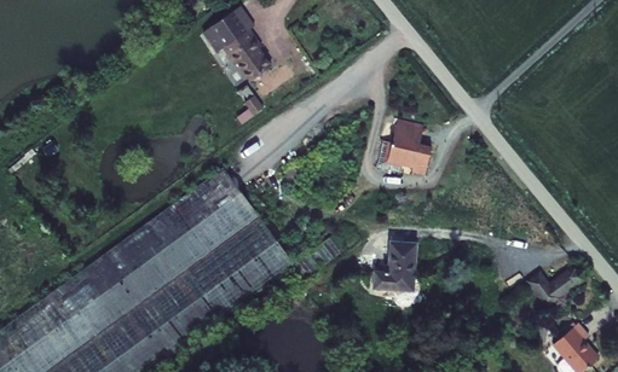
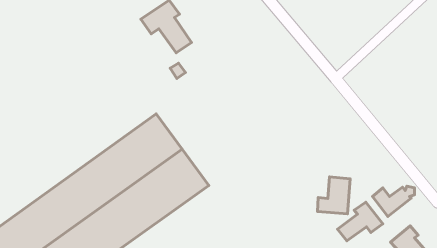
building: [382,121,431,178] -> none
building: [371,240,417,292] -> [317,177,350,214]
building: none -> [338,202,383,241]

